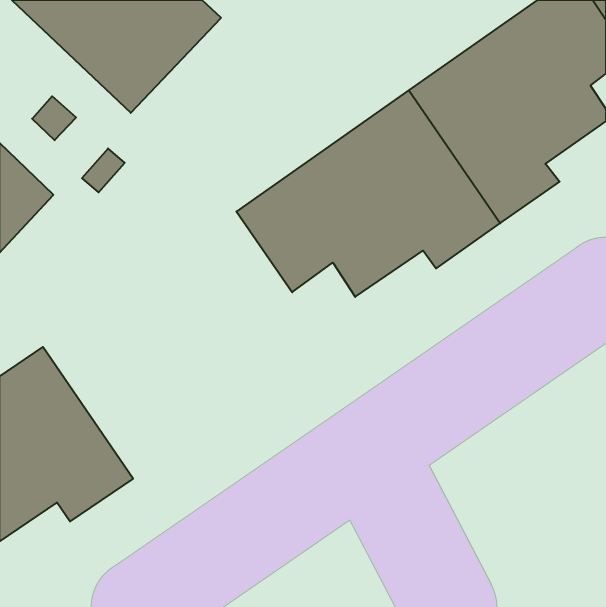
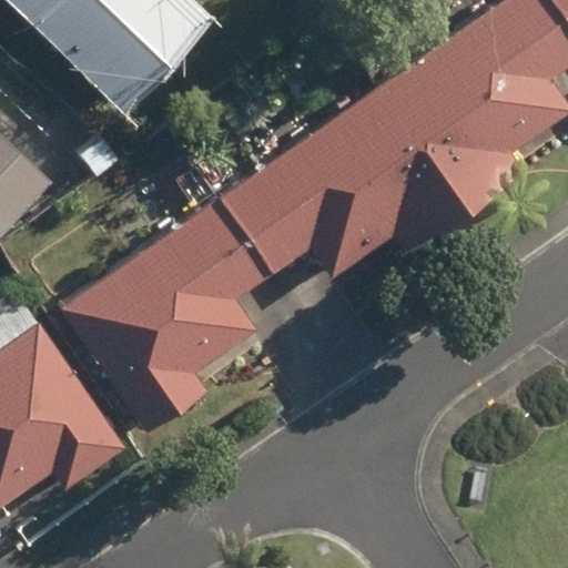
building: none -> [61,197,273,432]

